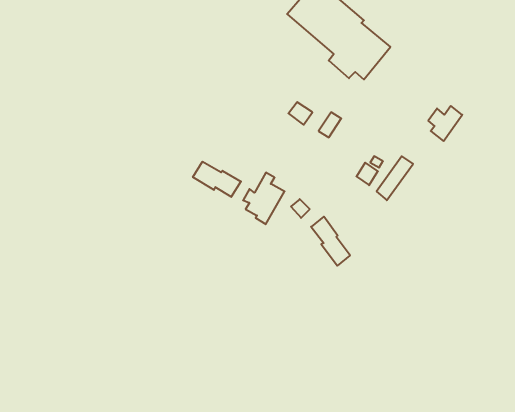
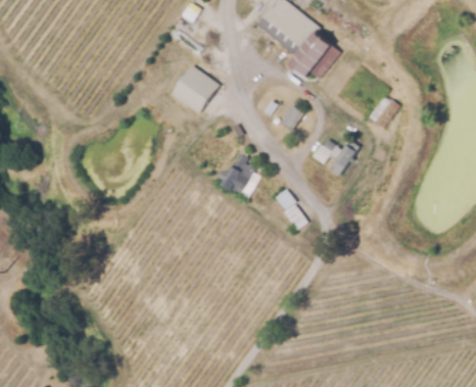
building: none -> [173,66,218,112]
building: [193,162,241,197] -> none

